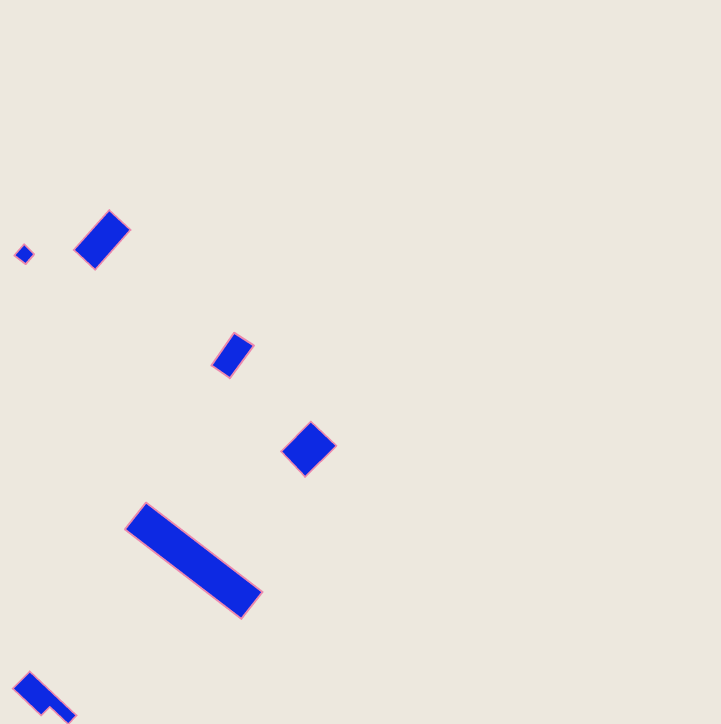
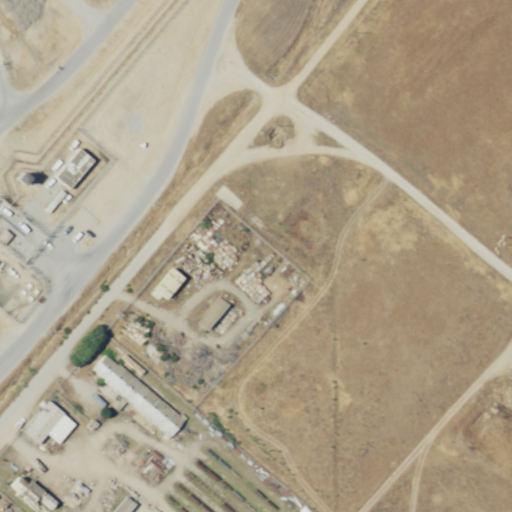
building: [211,333,254,378] -> [155,269,185,301]
building: none -> [23,400,77,445]

